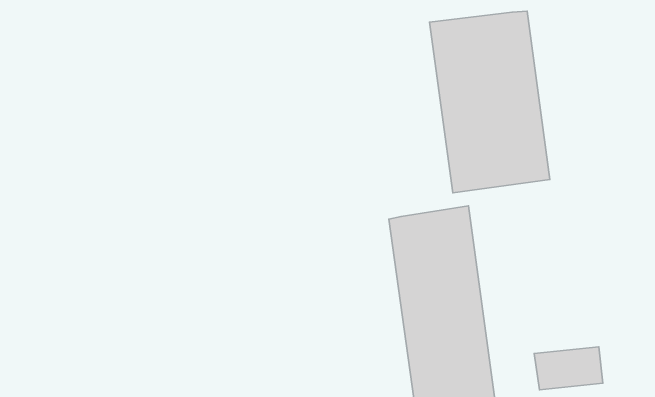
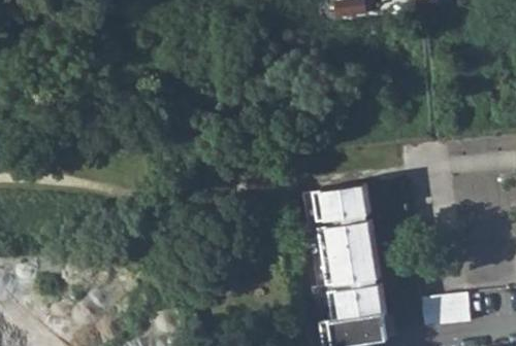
building: [429,11,550,193] -> none

